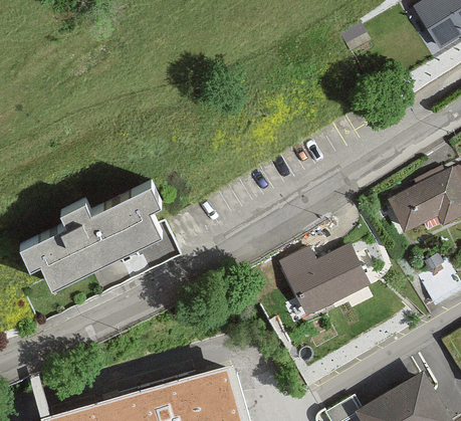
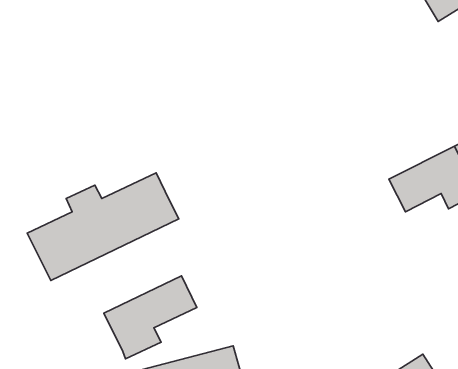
building: [276,242,367,312] -> none
building: none -> [104,276,197,359]

